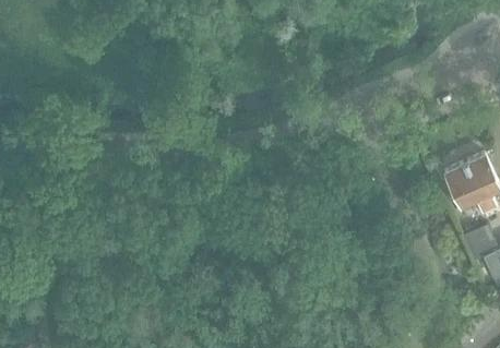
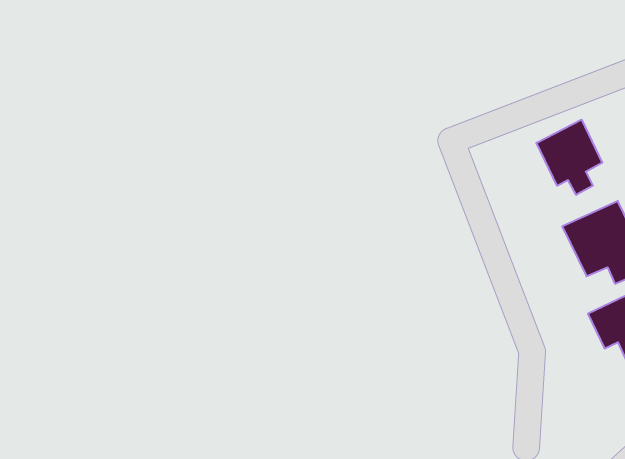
building: none -> [536,120,602,195]

